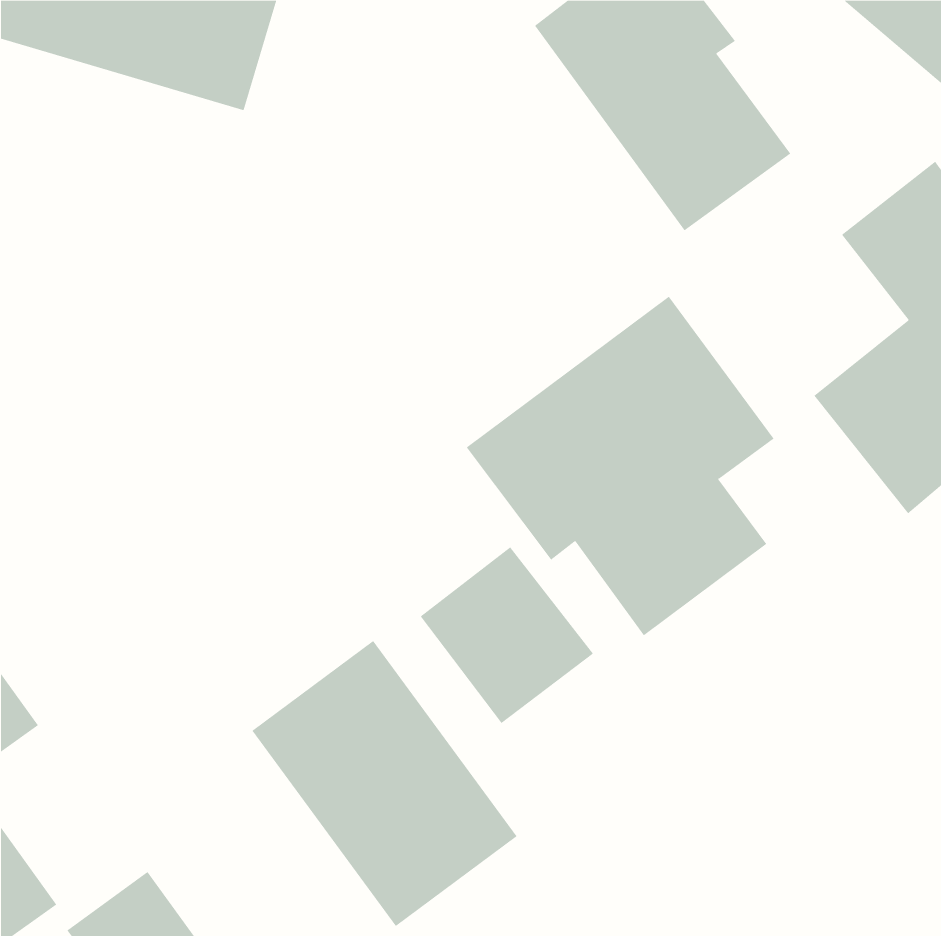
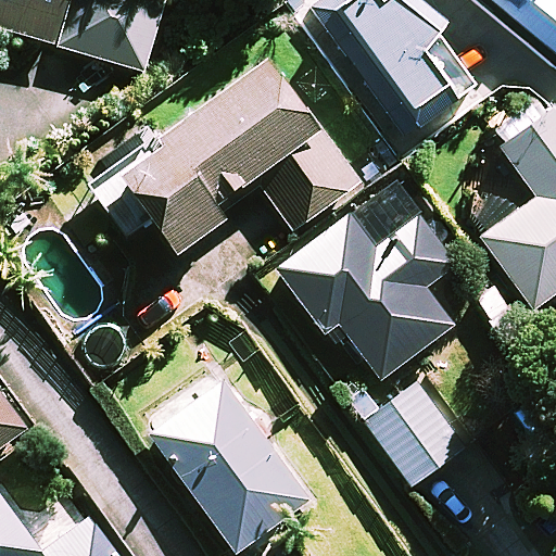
building: none -> [109,51,358,250]
building: [420,546,594,724] -> [365,382,467,486]

